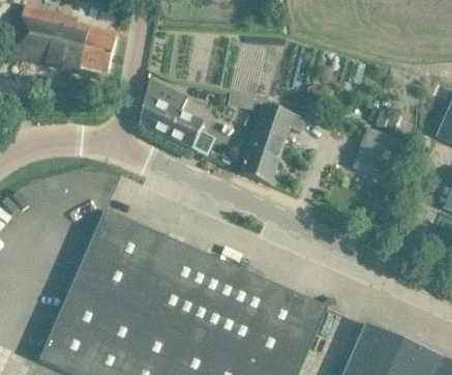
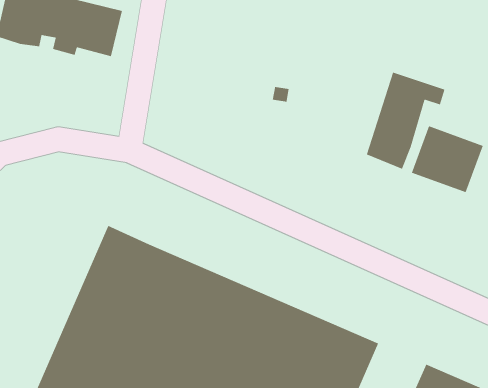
building: [139,79,204,148] -> none
building: [240,104,305,184] -> [366,72,445,170]

